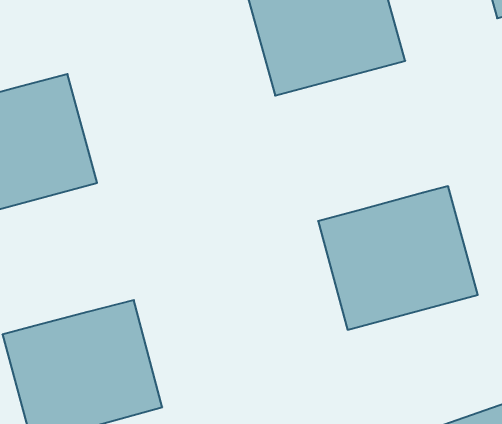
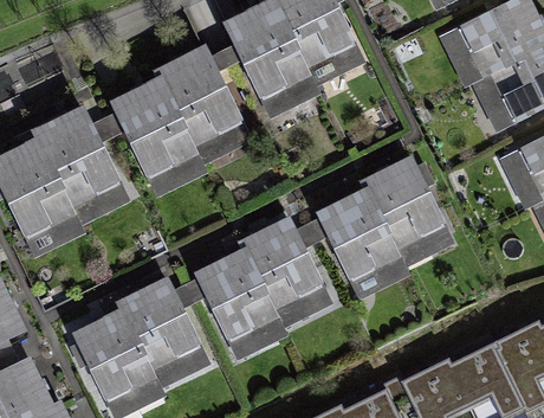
building: none -> [111,58,251,186]
building: none -> [194,225,332,354]

